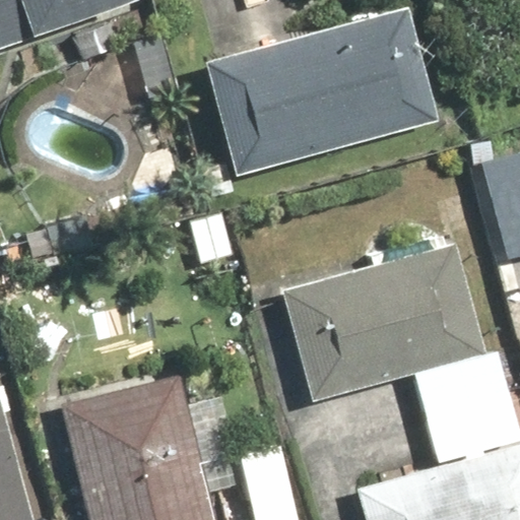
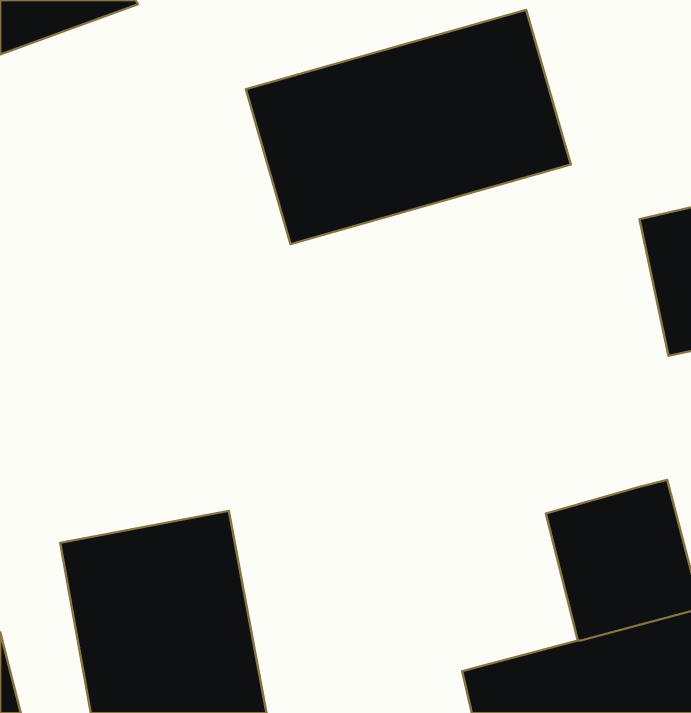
building: [278,247,481,402] -> none

